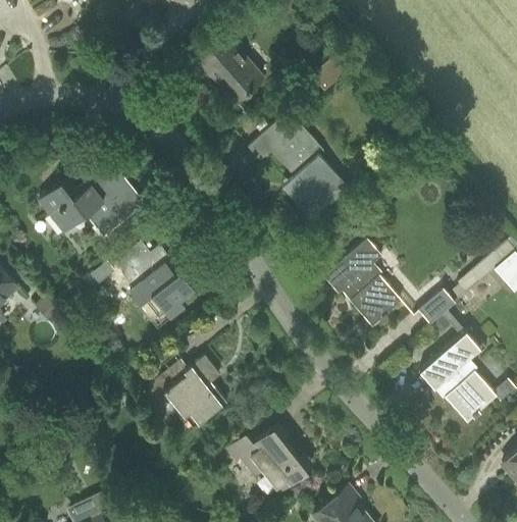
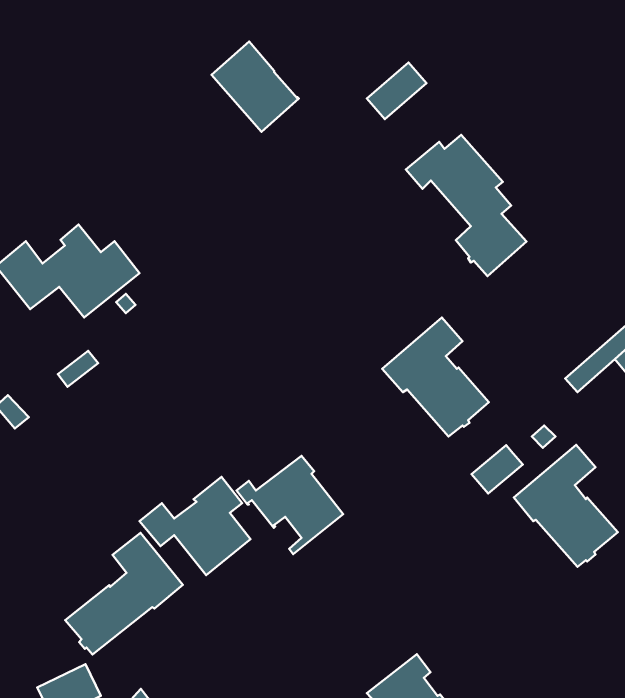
building: [253,118,342,222] -> [406,135,526,276]
building: [116,243,195,319] -> none
building: [418,291,456,326] -> [472,445,523,494]
building: none -> [65,533,183,654]
building: [228,427,307,500] -> [237,456,343,554]

